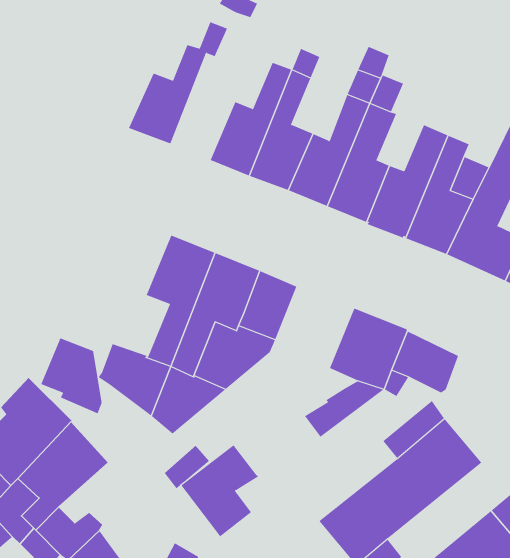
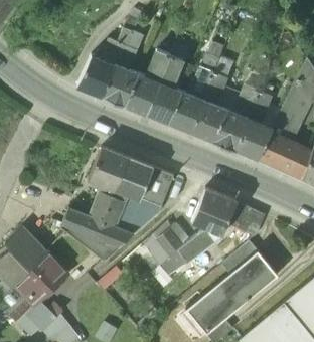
building: none -> [102,30,144,105]
building: [40,338,102,414] -> none
building: [181,445,259,537] -> [146,223,190,276]

